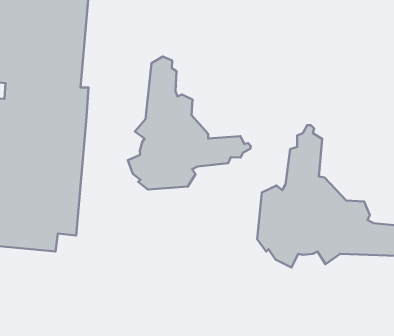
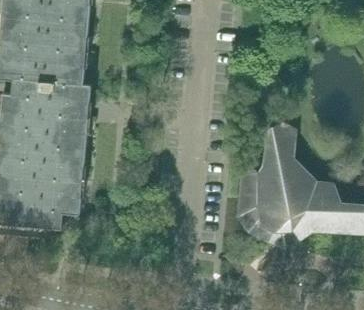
building: [128,57,251,190] -> none

